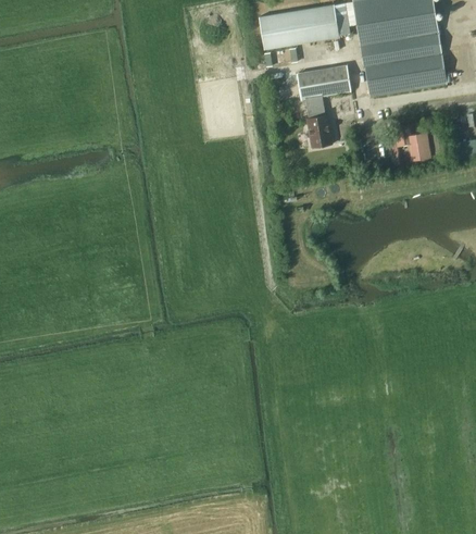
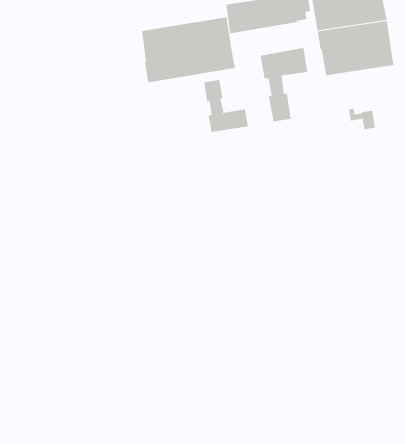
building: none -> [141,17,235,83]
building: none -> [204,79,248,133]

